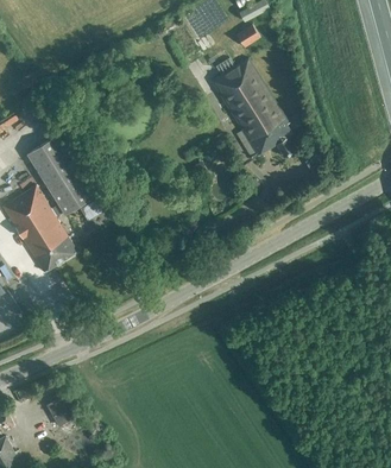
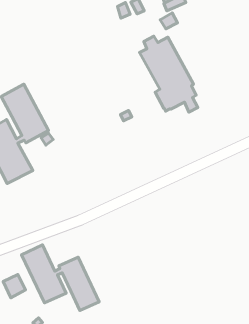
building: none -> [22,245,99,311]

